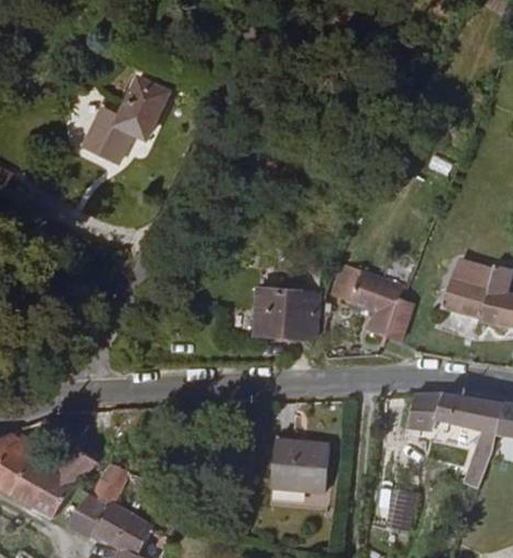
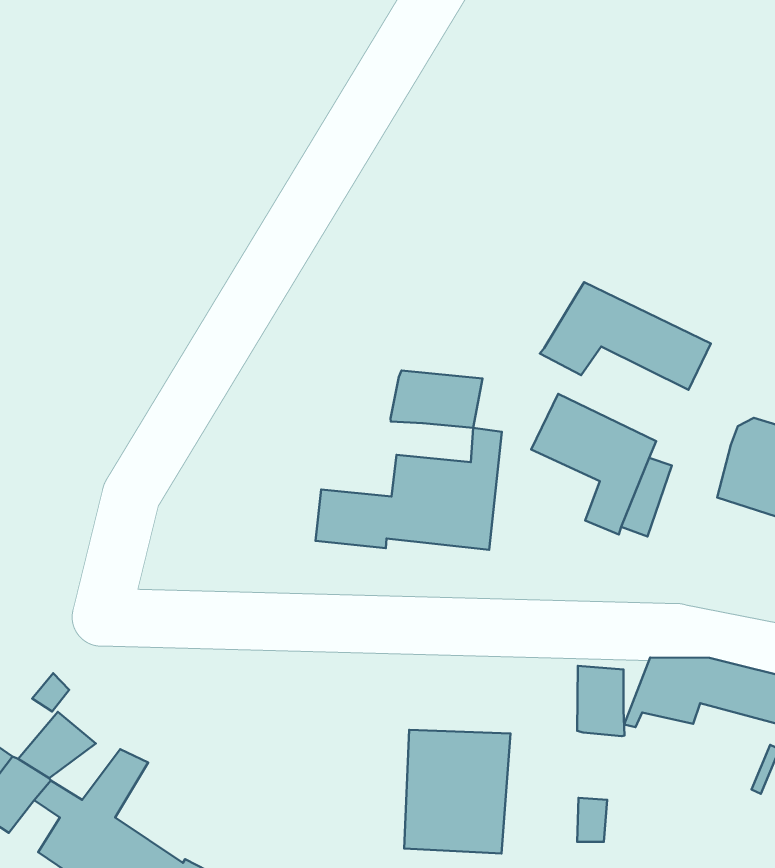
building: [91,71,178,158] -> none
building: none -> [540,282,711,390]
building: none -> [390,370,482,428]
building: none -> [577,666,625,736]

